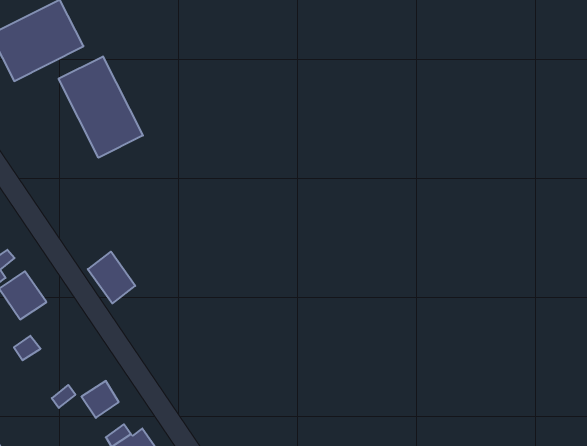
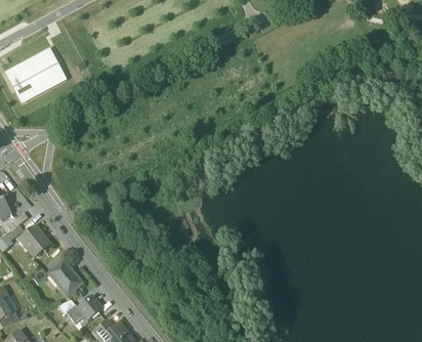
building: [59,56,143,158] -> none
building: [88,252,135,303] -> [50,260,82,294]

